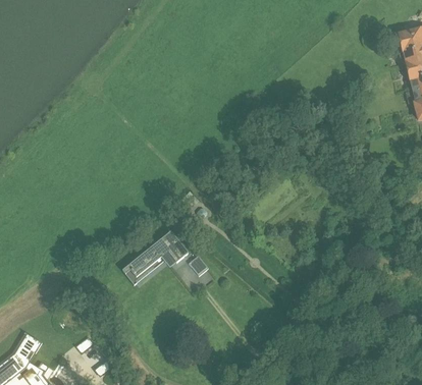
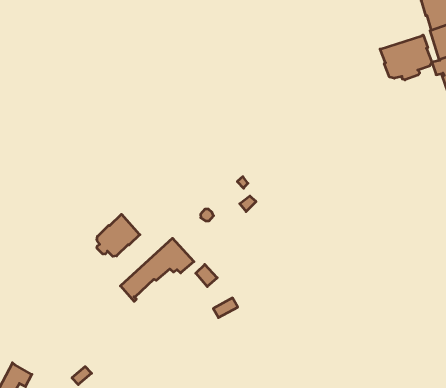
building: none -> [380,35,432,80]
building: none -> [97,214,140,256]

